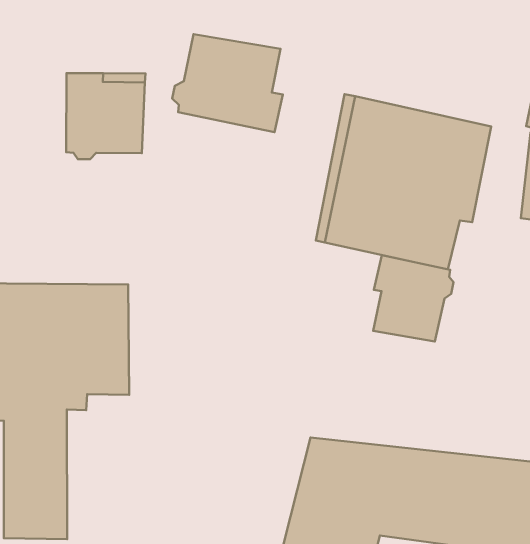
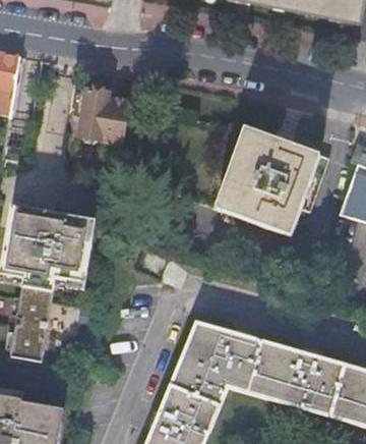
building: [172,34,283,132] -> none
building: [373,255,454,341] -> none

